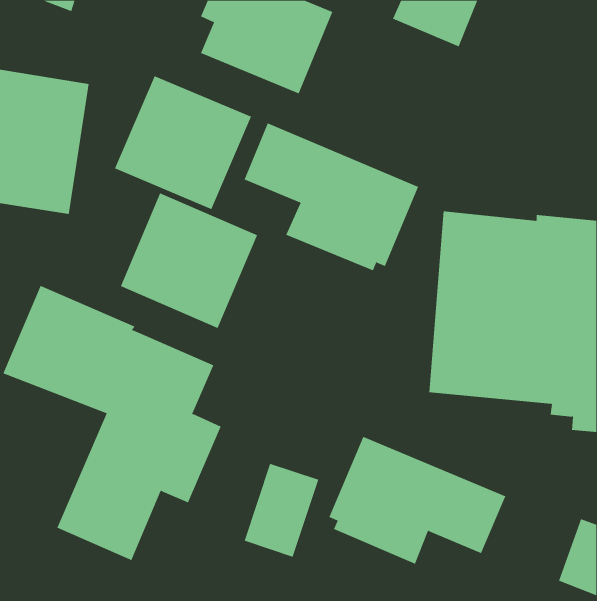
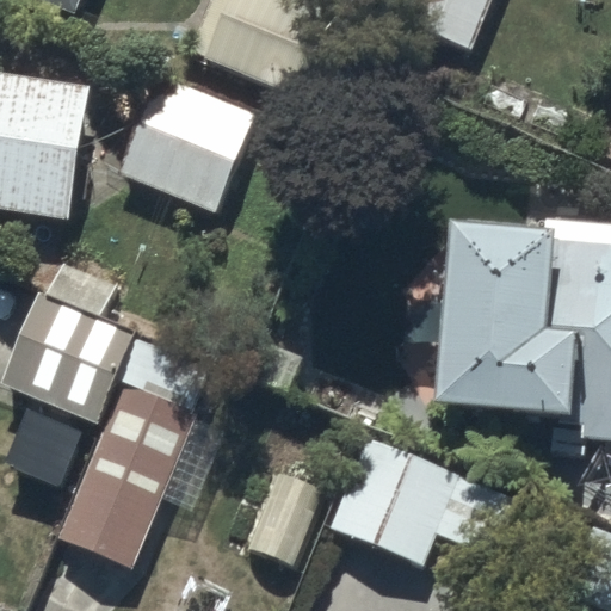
building: [244,122,419,271] -> none
building: [120,193,258,329] -> none

